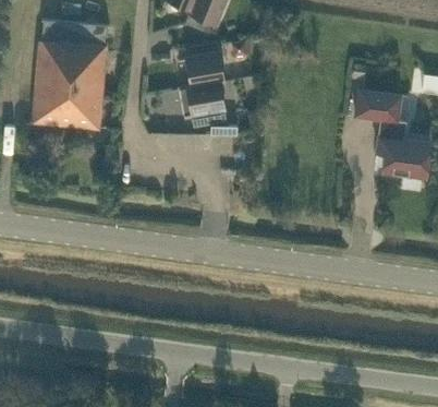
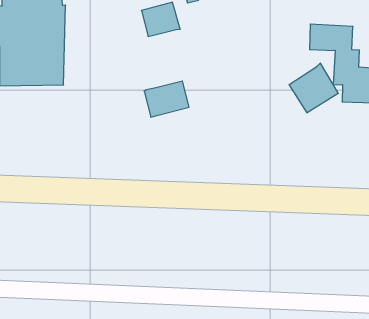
building: [180,84,224,118] -> [144,81,189,117]
building: none -> [289,63,338,113]

